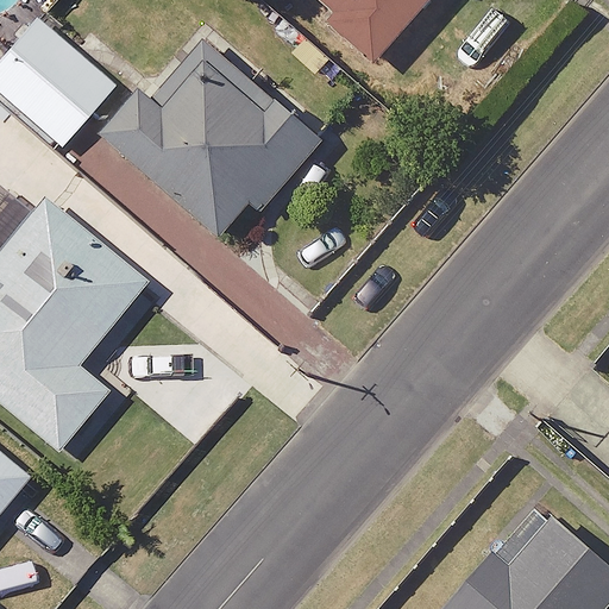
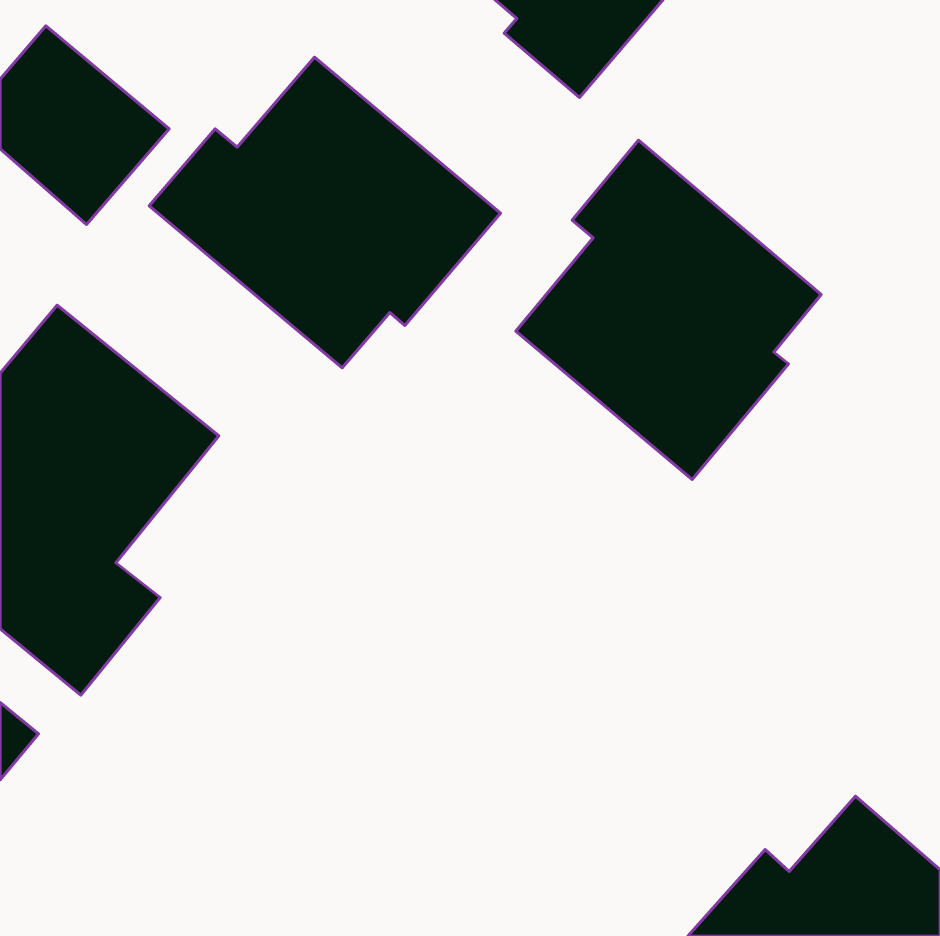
building: none -> [516,140,821,480]

